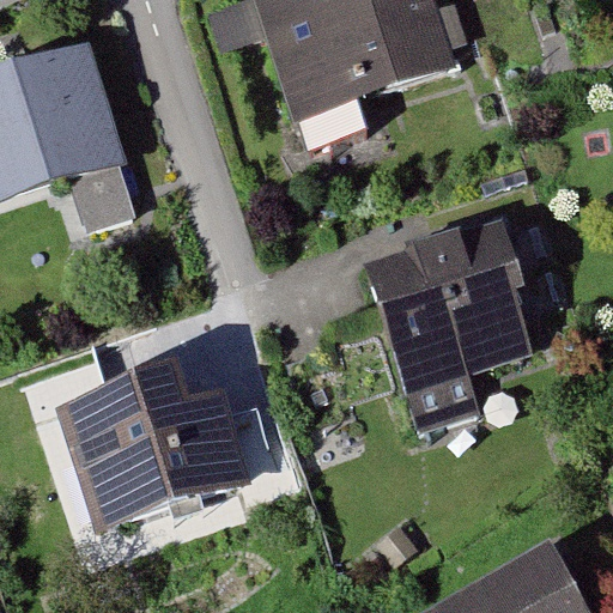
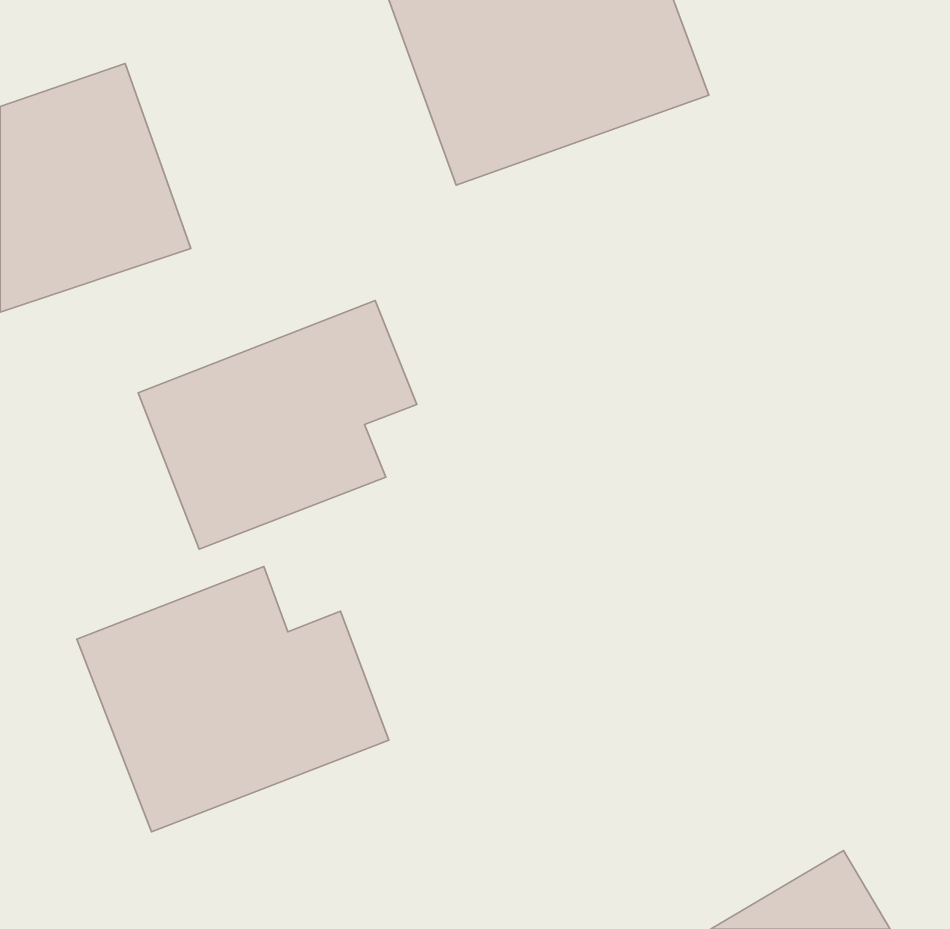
building: none -> [138,301,417,549]
building: [359,214,536,432] -> none

